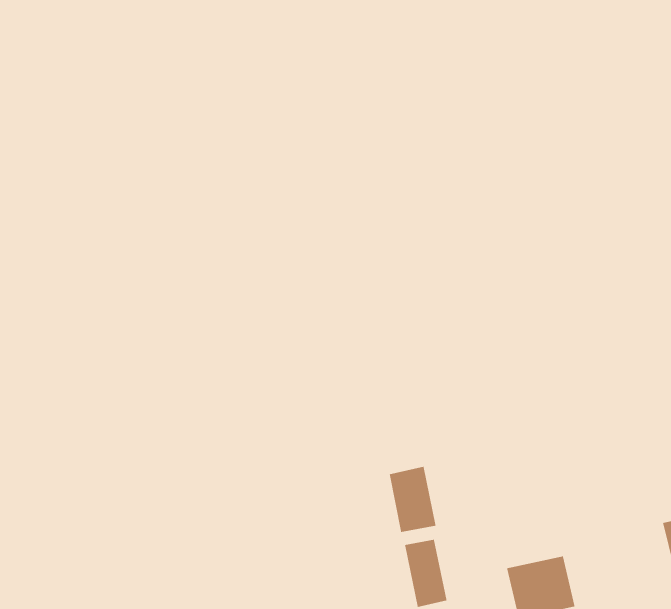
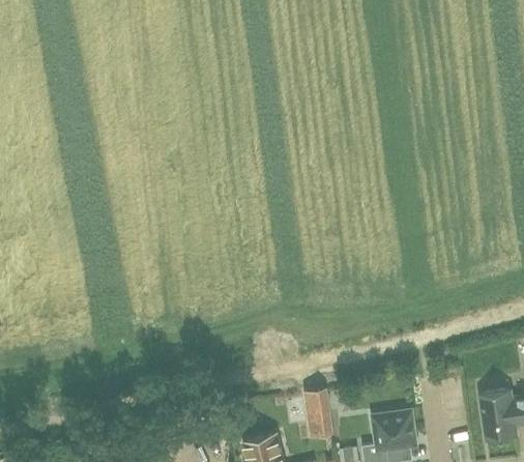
building: [389,466,437,533] -> none

